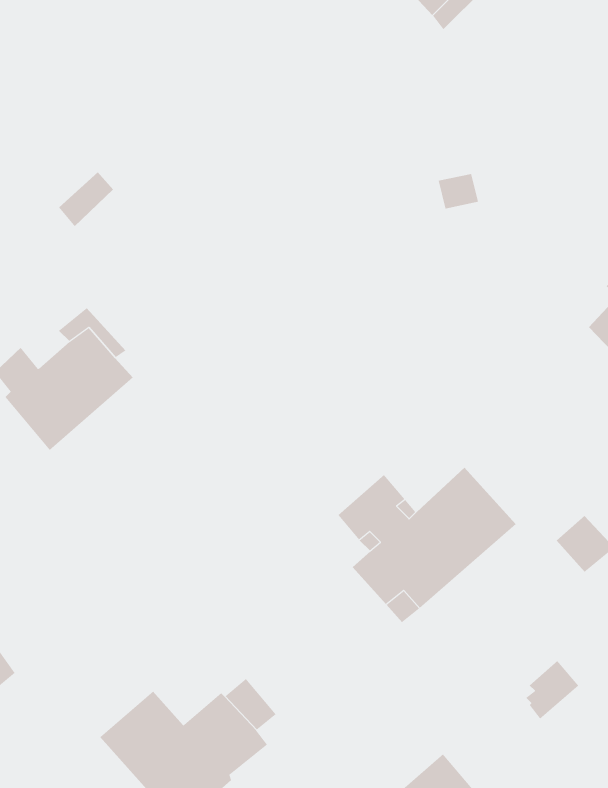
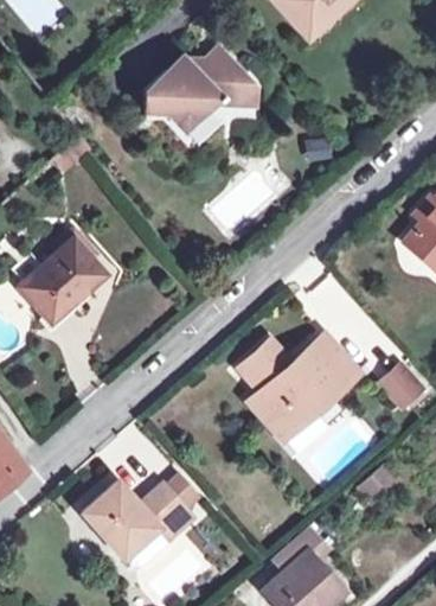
building: none -> [146,50,258,132]

